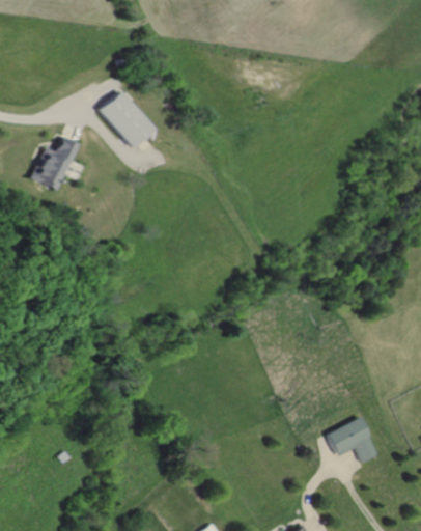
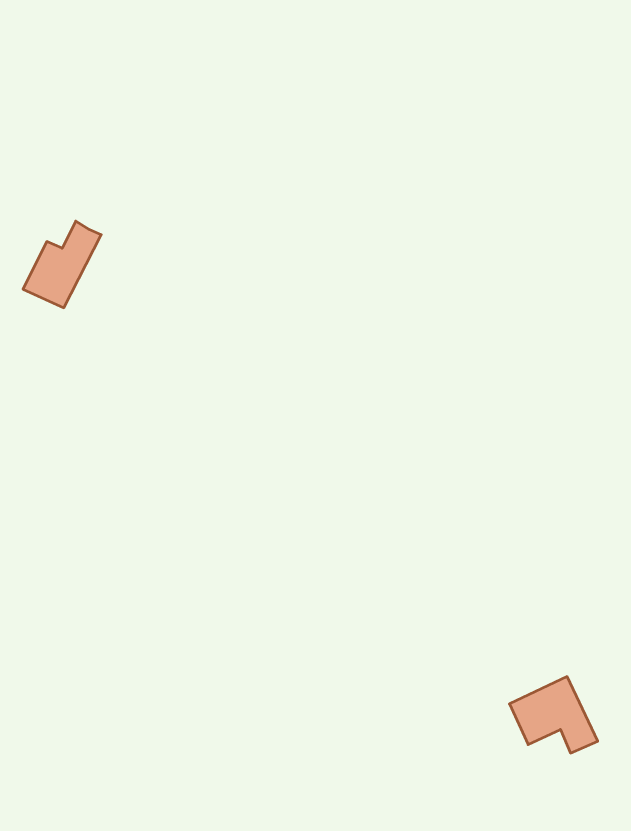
building: [100,92,152,148] -> none

